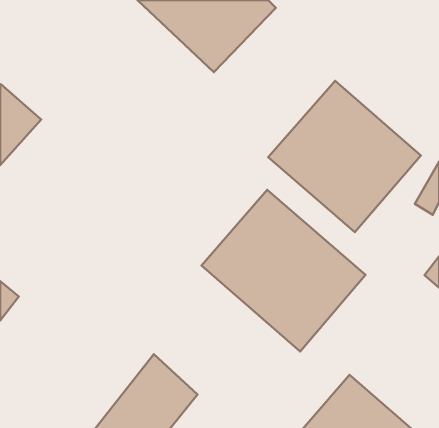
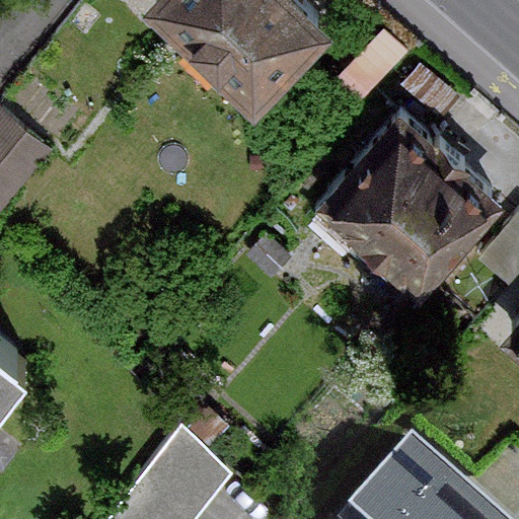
building: [202,190,366,351] -> none

